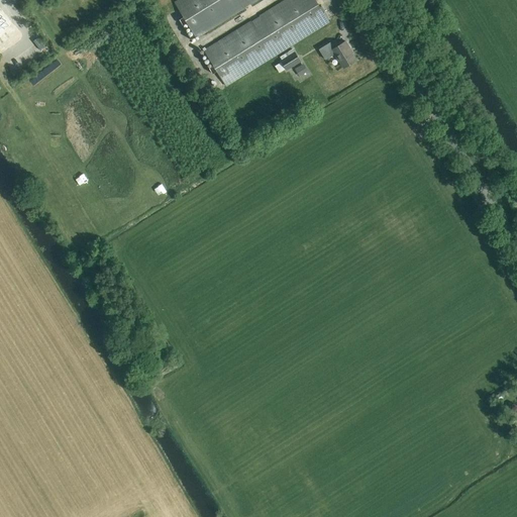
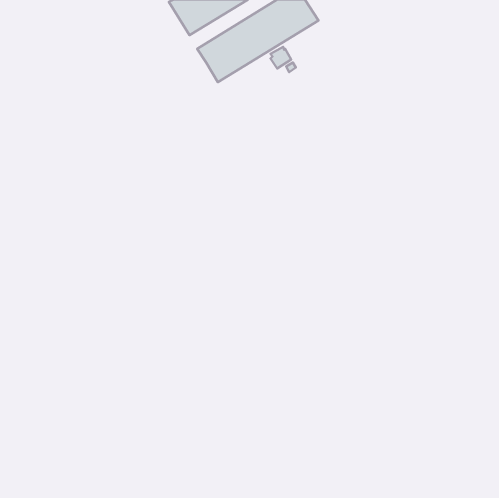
building: [319,41,355,68] -> none

